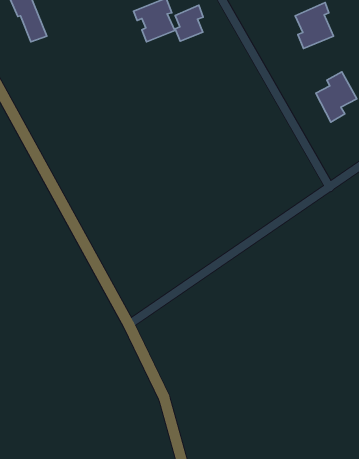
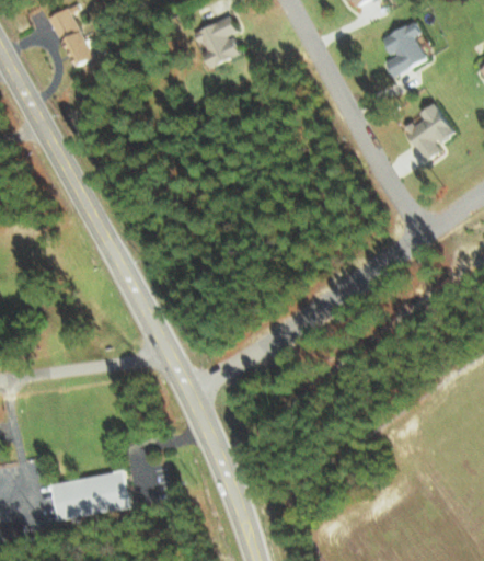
building: [175,5,203,41] -> none
building: none -> [51,470,131,519]

